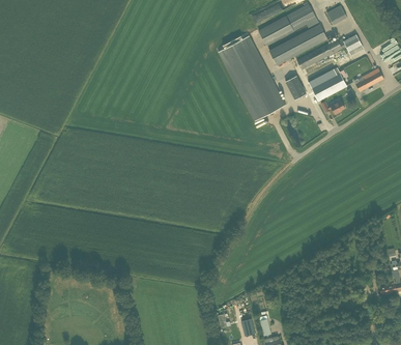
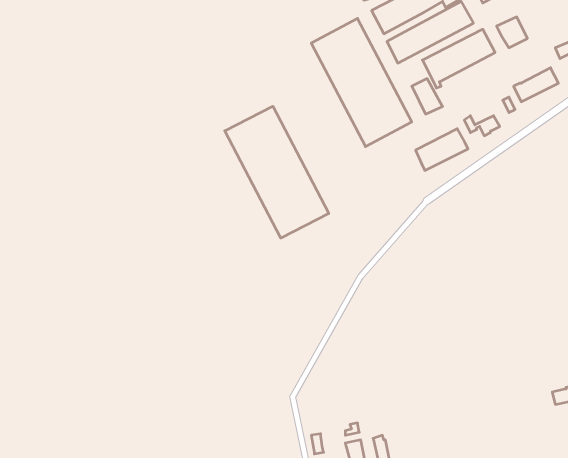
building: [312,73,347,100] -> [416,129,468,170]
building: none -> [225,106,329,238]

